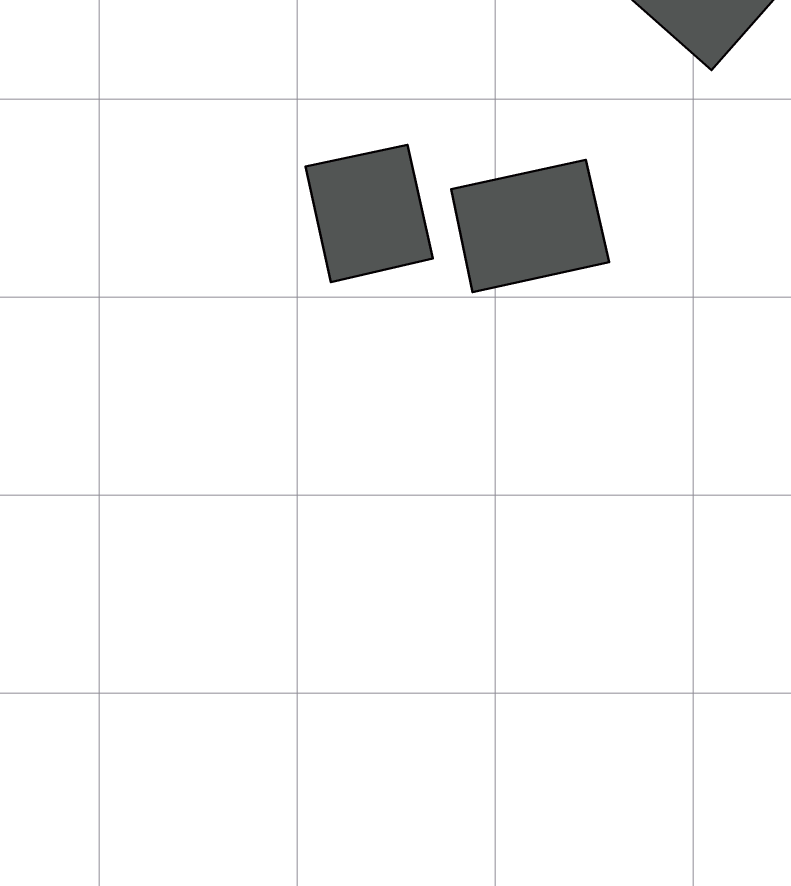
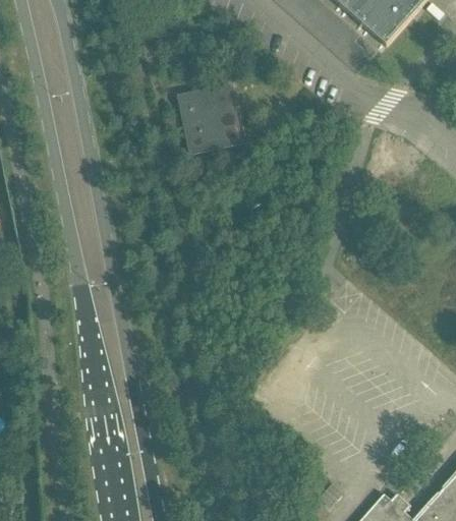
building: [451,160,609,292] -> none

